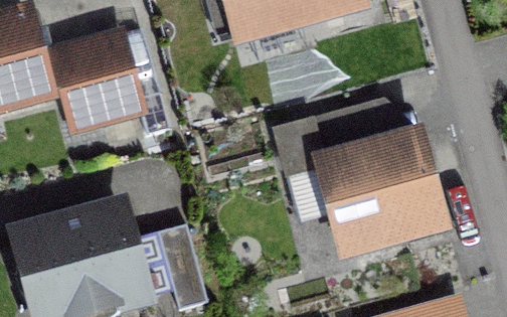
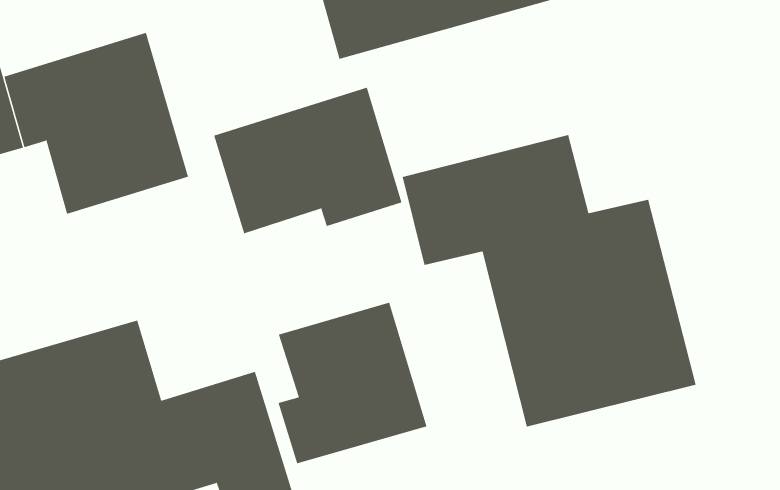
building: none -> [213,87,402,234]
building: none -> [278,302,427,464]

